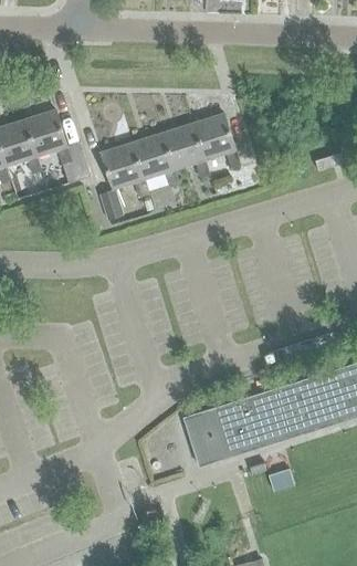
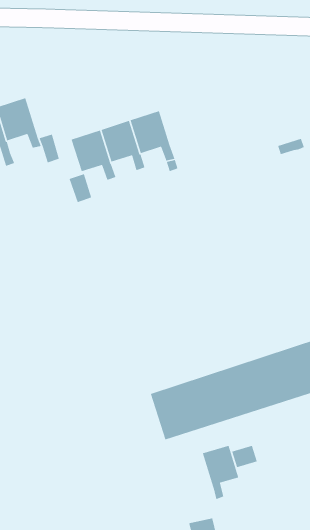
building: [193,112,255,174] -> none
building: none -> [202,445,239,500]

